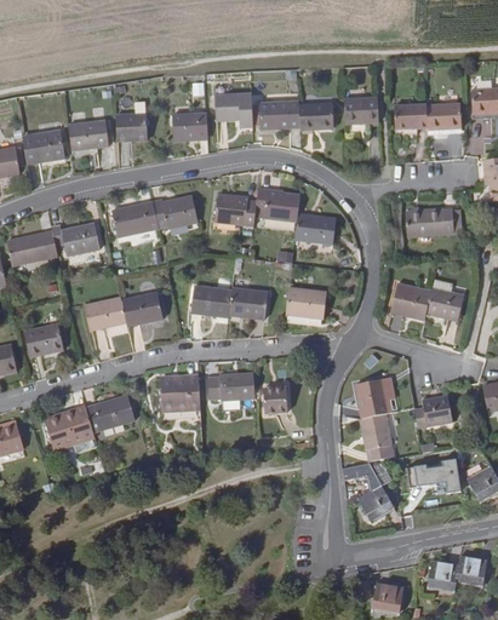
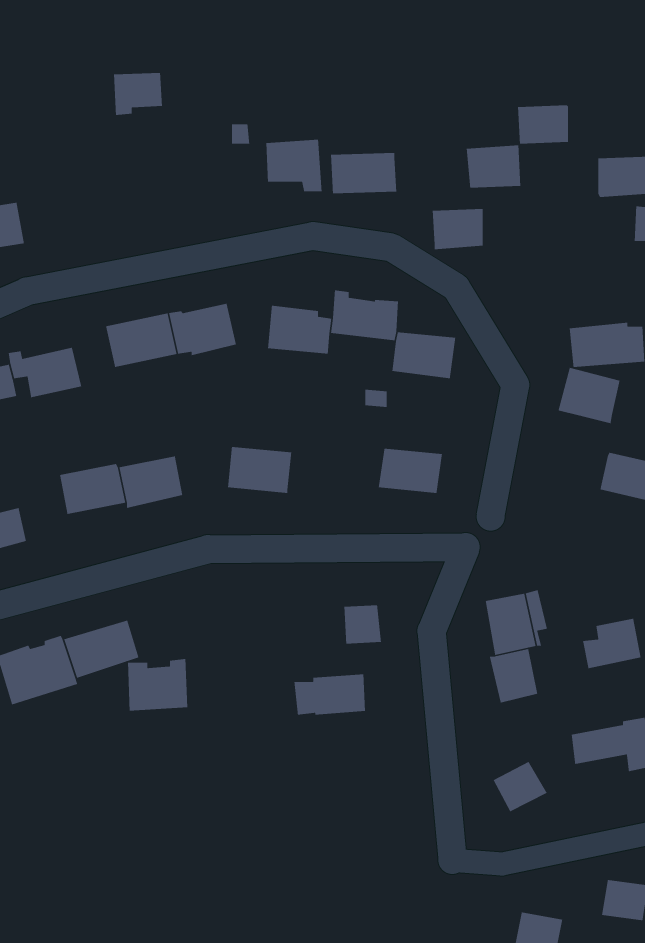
building: [297,102,330,128] -> [432,208,483,250]
building: [393,102,425,127] -> [517,104,569,144]
building: [172,114,206,142] -> none
building: [114,115,145,143] -> [113,72,163,116]
building: [67,119,107,150] -> none
building: [391,283,431,320] -> [558,367,621,424]
building: [229,288,268,317] -> none
building: [210,374,256,401] -> [293,673,366,715]
building: [161,375,200,409] -> [127,658,188,712]
building: [343,461,382,498] -> none

